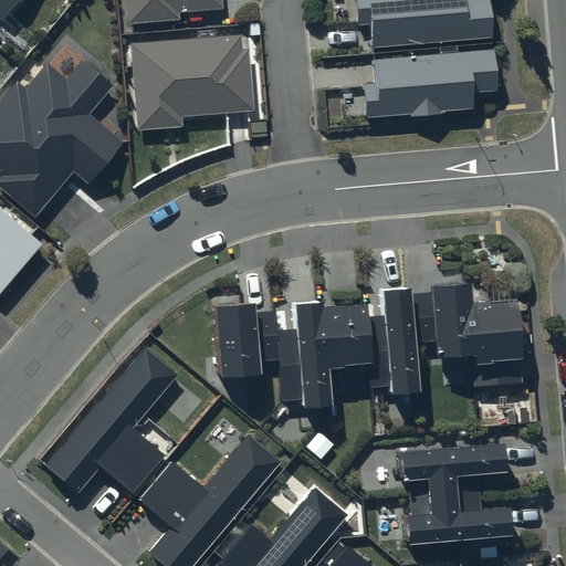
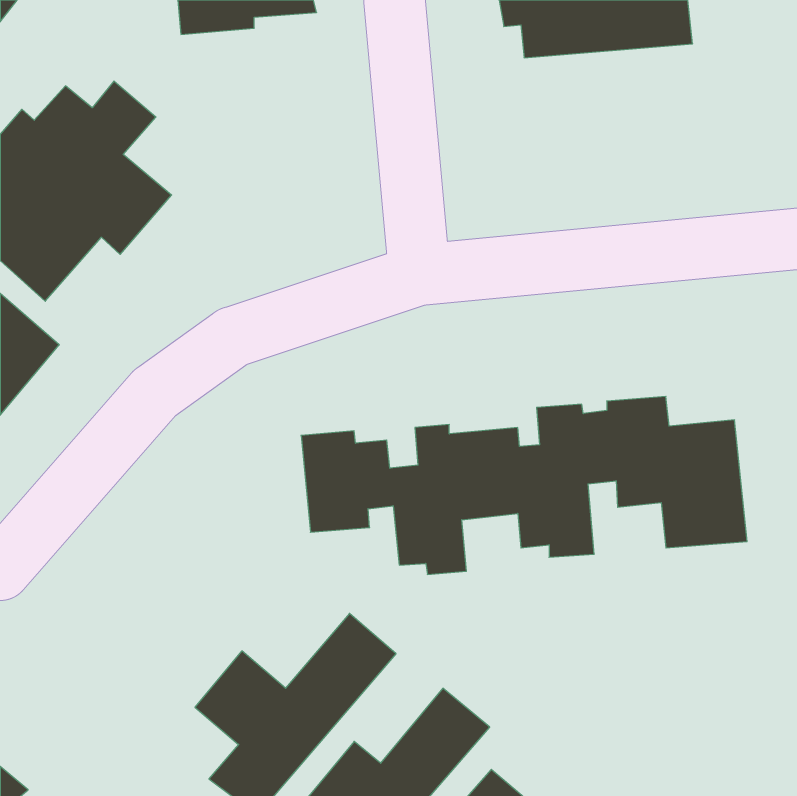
building: [129,34,254,132] -> none
building: [363,45,496,113] -> none
building: [44,349,176,496] -> none
building: [398,443,513,543] -> none

